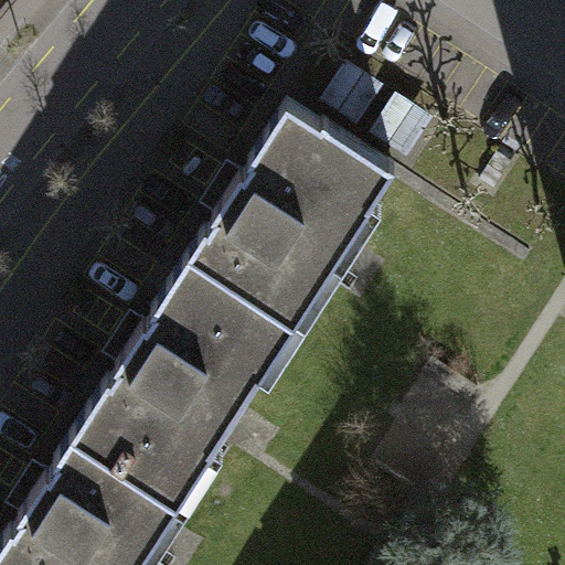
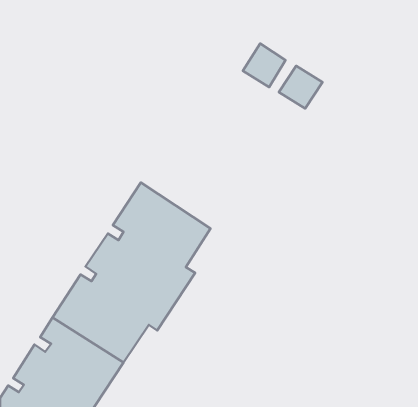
building: [192,111,398,324] -> none

